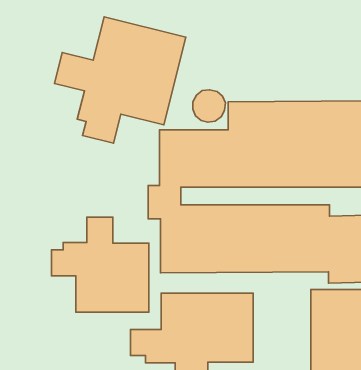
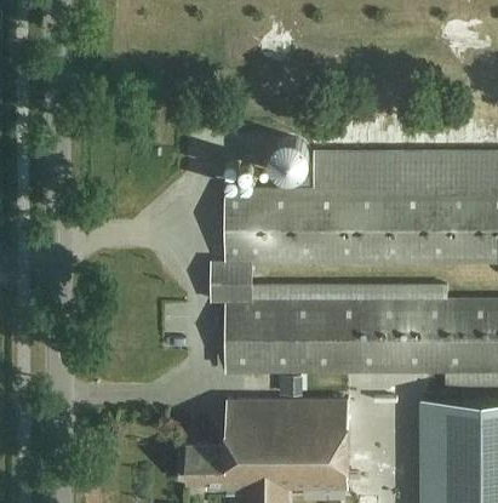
building: [55,17,186,143] -> none
building: [51,217,149,312] -> none

